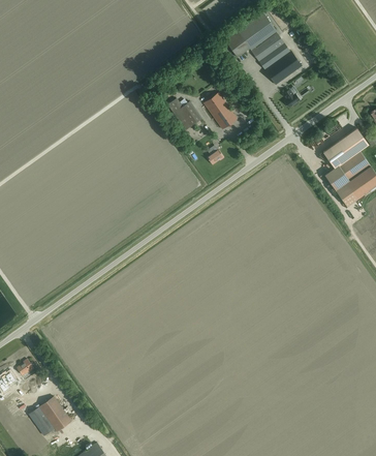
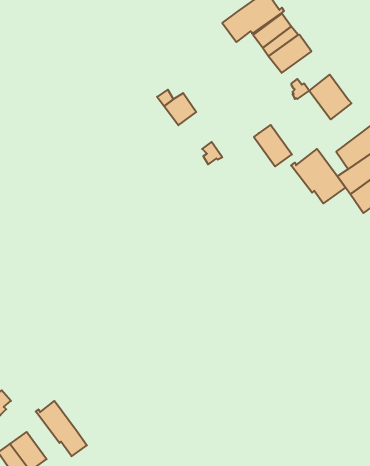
building: none -> [309,75,351,119]
building: [203,92,237,128] -> [254,125,292,166]
building: none -> [291,149,345,203]
building: none -> [36,401,87,456]

